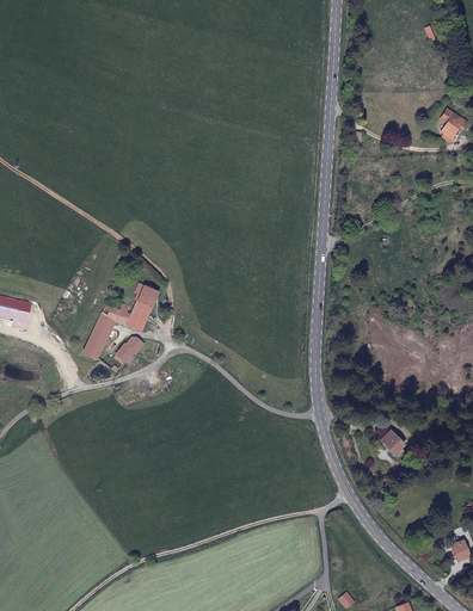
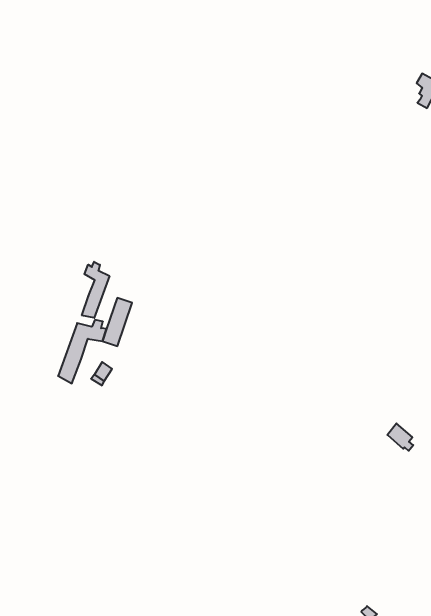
building: none -> [82,262,109,318]

